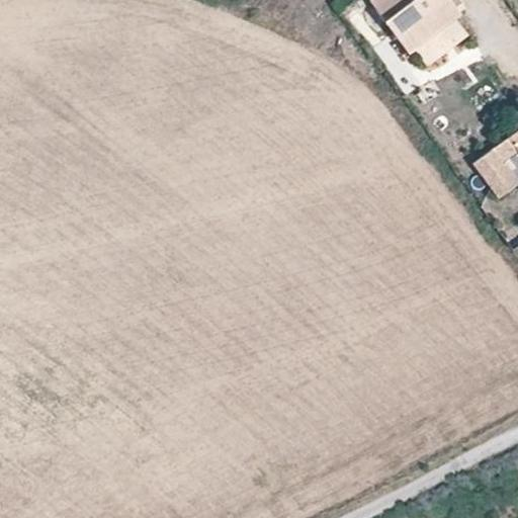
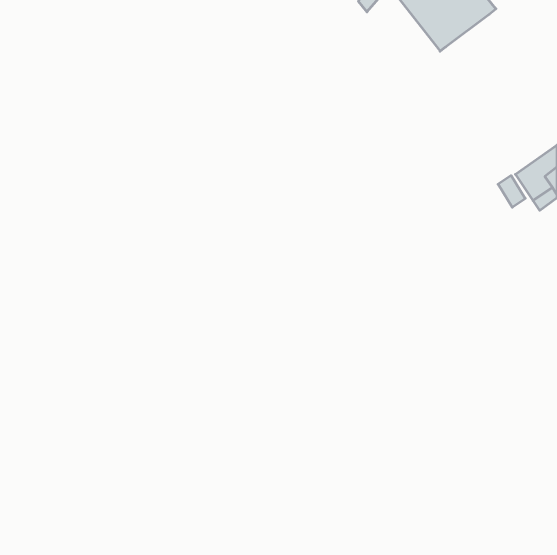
building: [413,13,465,60] -> none

